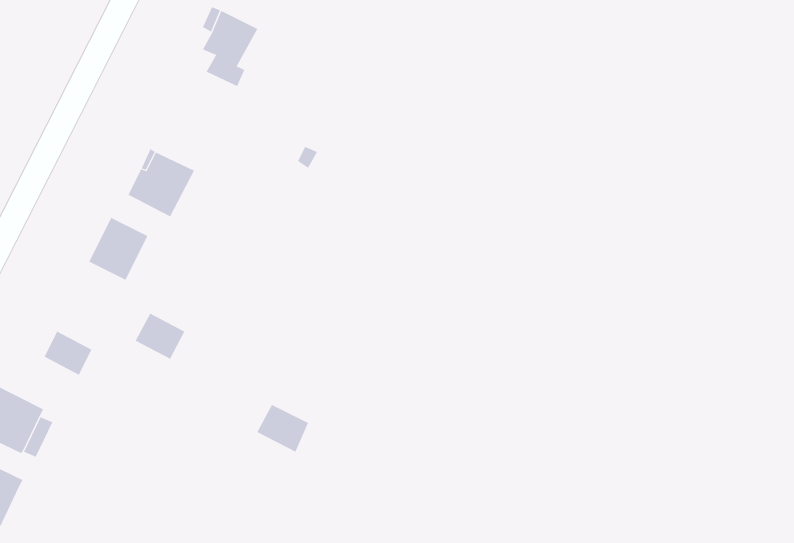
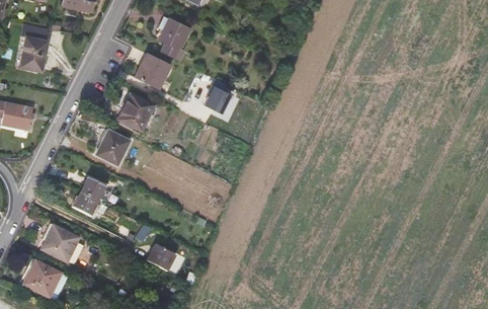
building: none -> [136,52,172,87]
building: [135,313,185,359] -> [80,176,107,202]
building: [257,404,309,453] -> [148,247,176,274]

